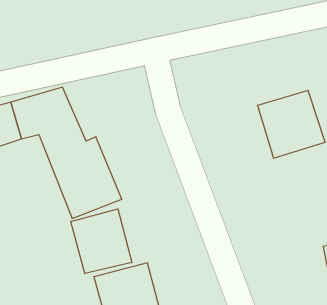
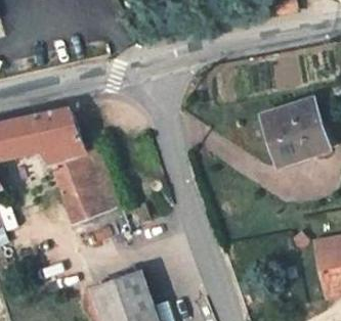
building: [71,209,132,274] -> none

